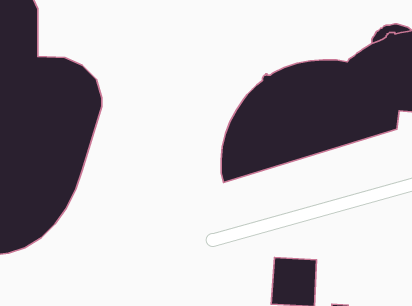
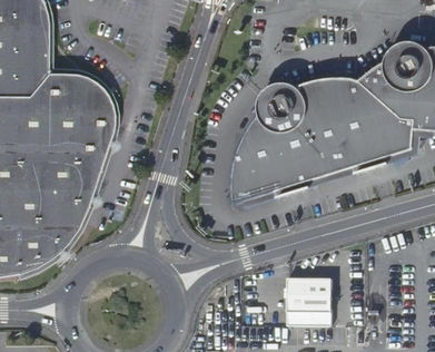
building: none -> [258,80,297,111]

